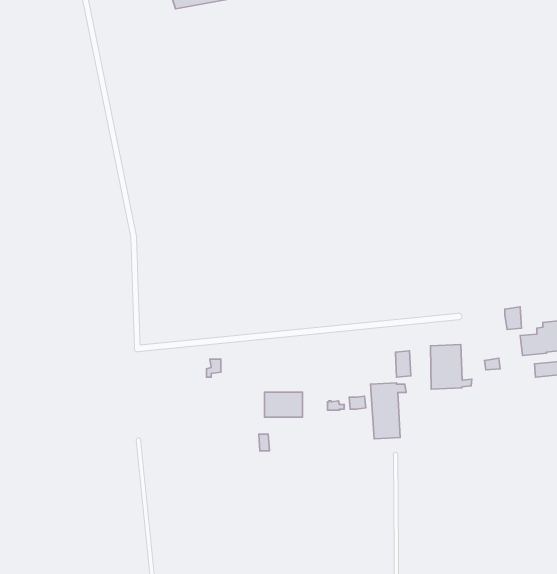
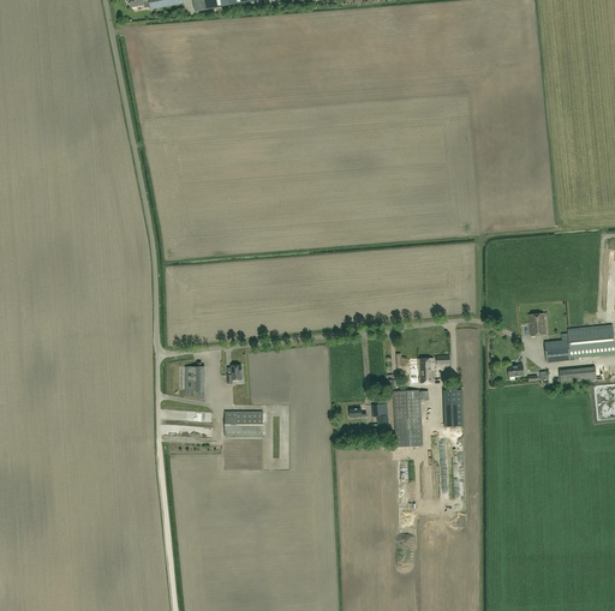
building: [430,344,472,389] -> none
building: [265,392,303,417] -> [225,411,263,436]

